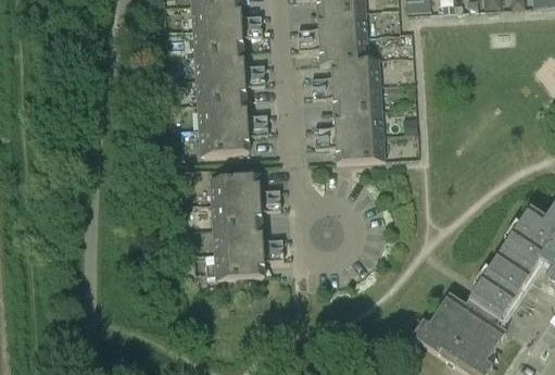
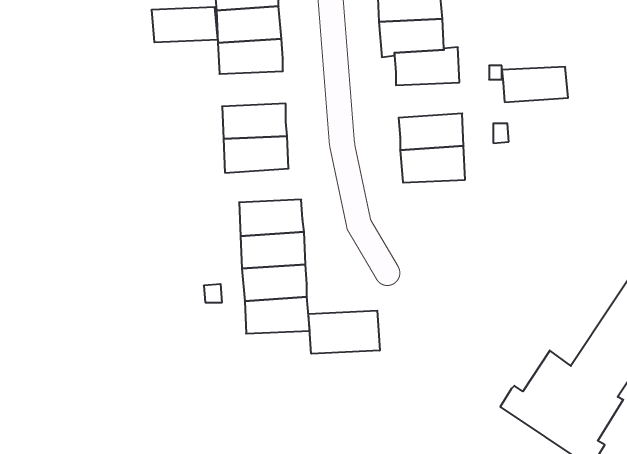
building: [195,74,247,101] -> [151,7,218,42]
building: [331,83,382,110] -> [502,67,568,102]
building: none -> [309,311,380,354]

